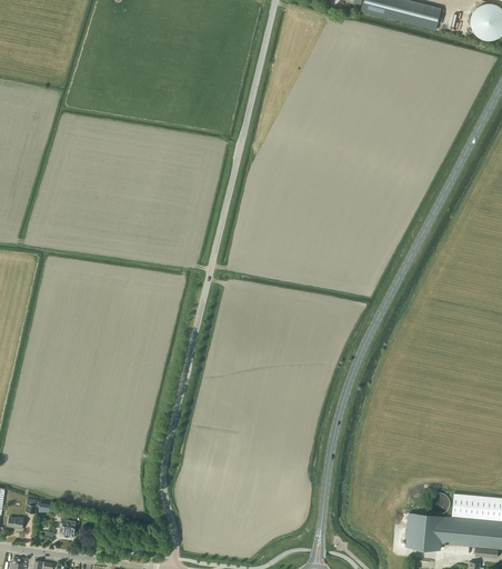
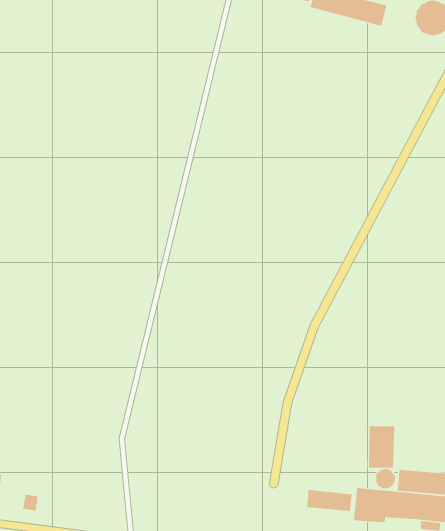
building: none -> [368,426,395,469]
building: none -> [306,489,352,512]

